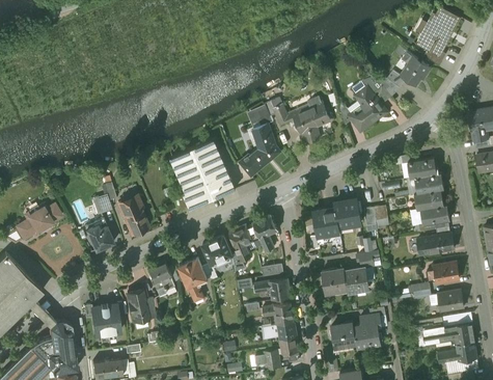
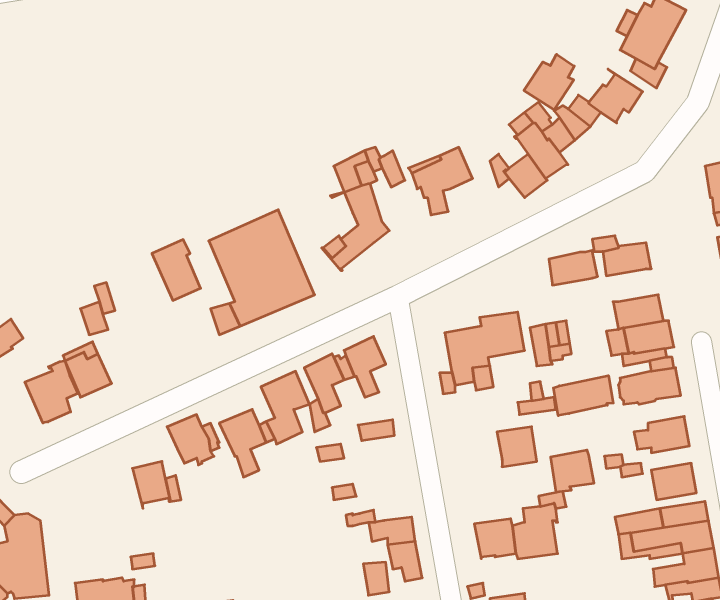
building: none -> [524,54,574,110]
building: [415,173,444,194] -> [549,250,598,285]
building: [119,198,148,235] -> [152,240,201,300]
building: none -> [25,361,78,423]
building: none -> [553,376,613,416]
building: [322,269,348,294] -> [551,450,594,492]
building: [254,279,291,301] -> none
building: [263,303,294,325] -> none
building: [91,304,120,340] -> none

